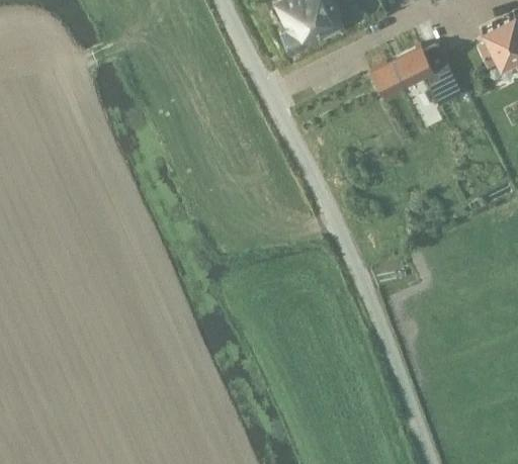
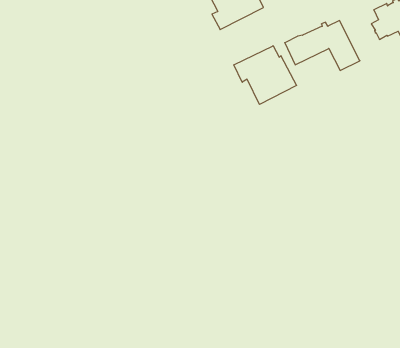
building: none -> [234,46,297,104]

